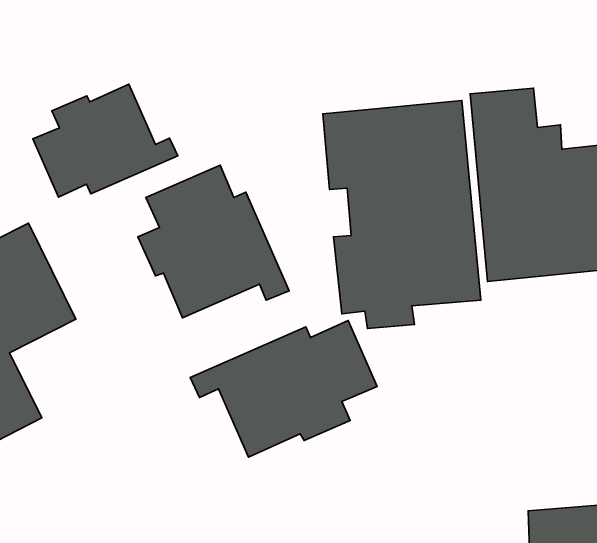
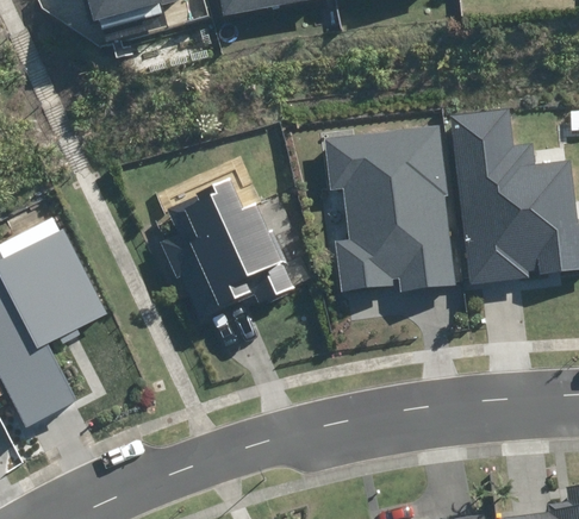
building: [33,84,178,197] -> none
building: [190,320,377,457] -> none

